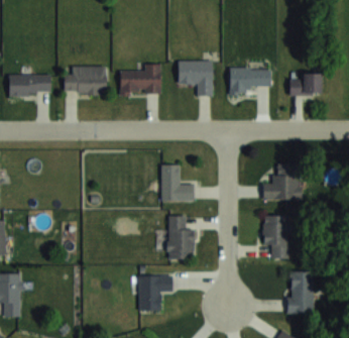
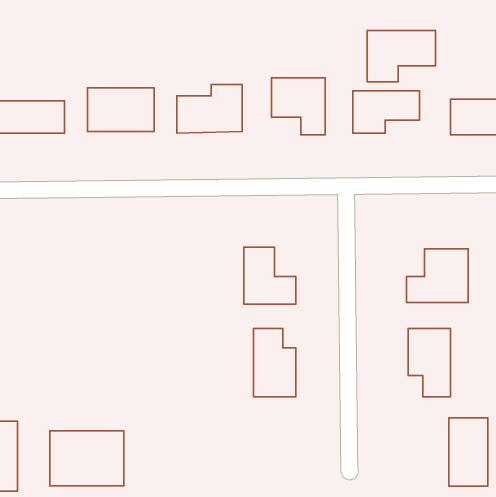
building: none -> [367,30,436,82]
building: [139,275,172,311] -> none
building: none -> [50,431,124,486]

